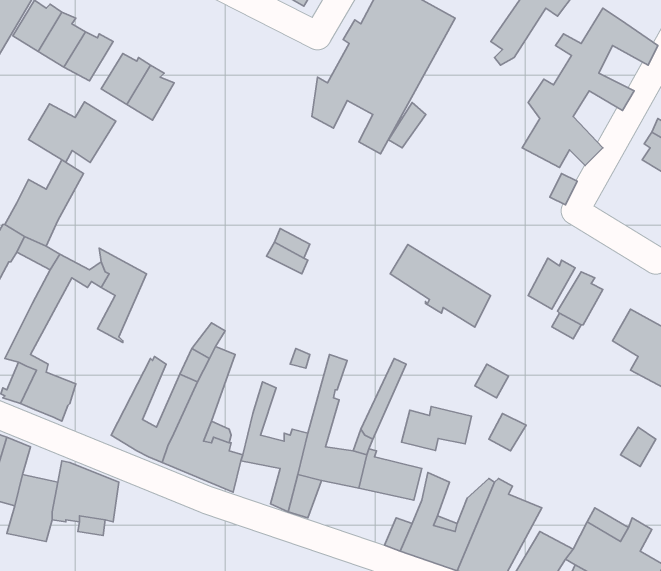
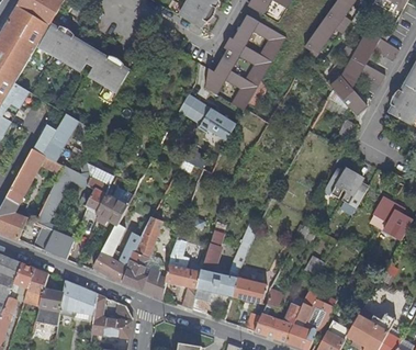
building: [28,102,116,162] -> none
building: [390,244,491,327] -> [179,94,235,140]
building: none -> [98,176,134,225]
building: [402,407,471,451] -> none
building: none -> [92,293,133,338]

